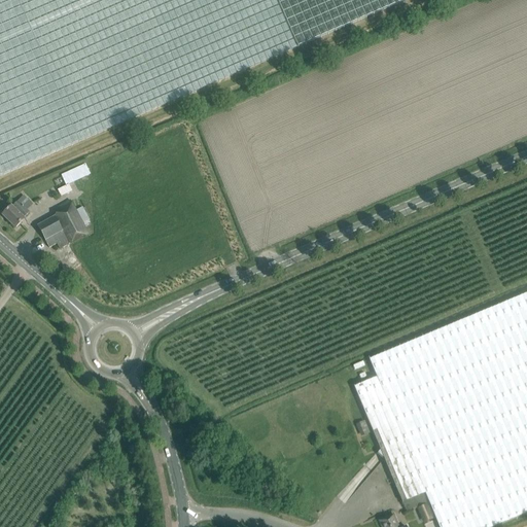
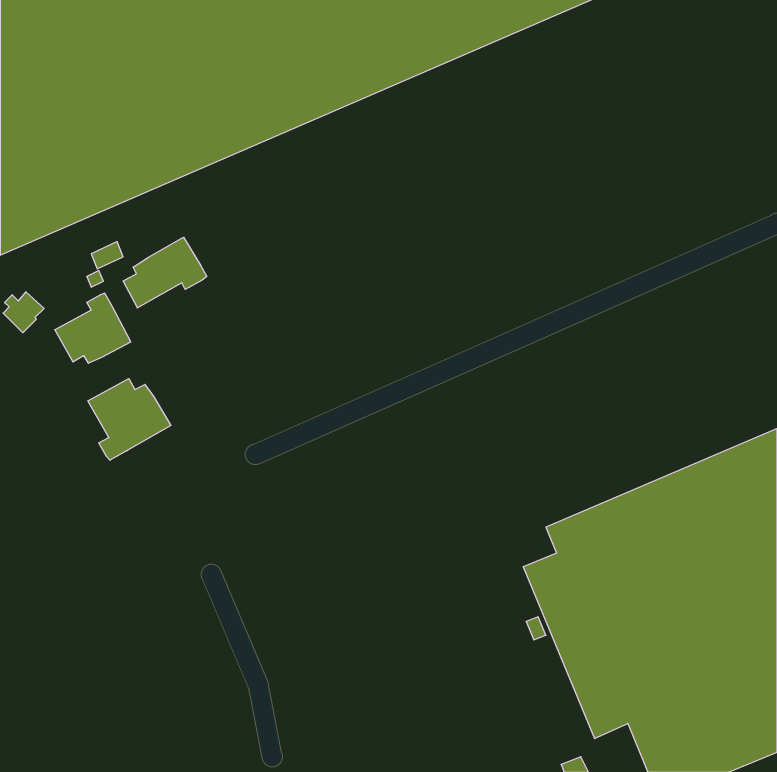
building: none -> [123,237,207,308]
building: none -> [88,379,171,460]

